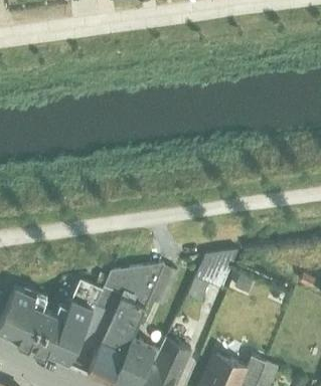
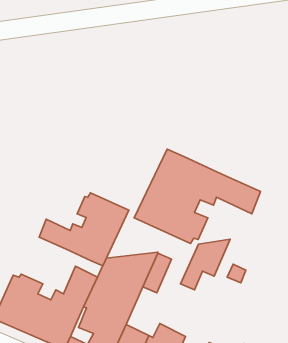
building: none -> [134,149,261,243]
building: none -> [39,193,129,266]

